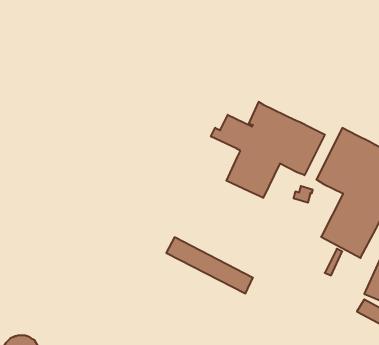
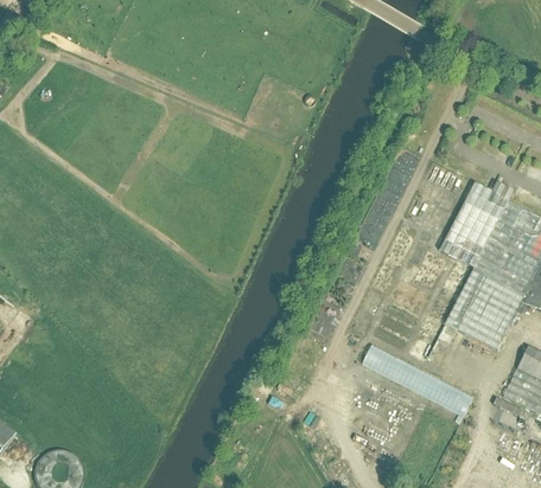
building: [211,102,325,198] -> none
building: [166,237,253,293] -> [362,343,473,416]

